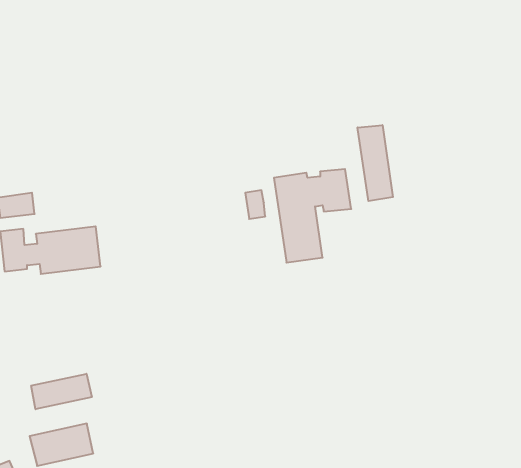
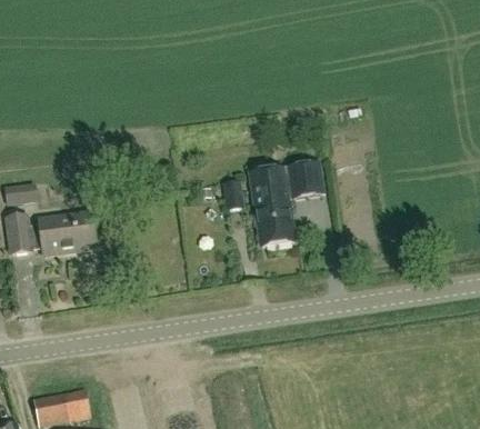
building: [358,125,393,201] -> none
building: [31,374,92,409] -> none

